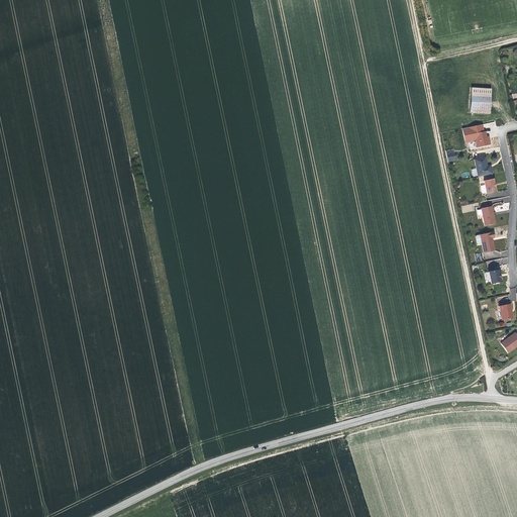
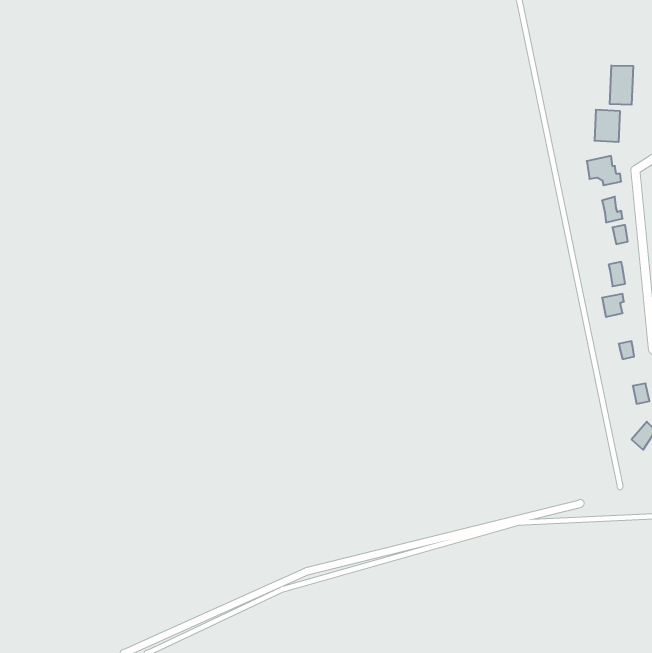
building: none -> [610,65,633,105]

